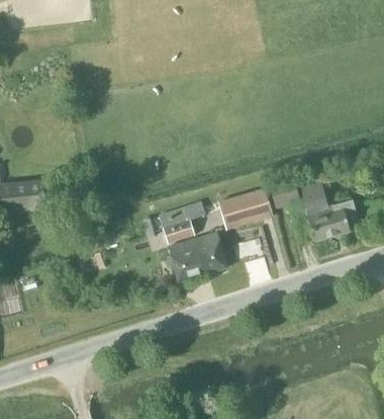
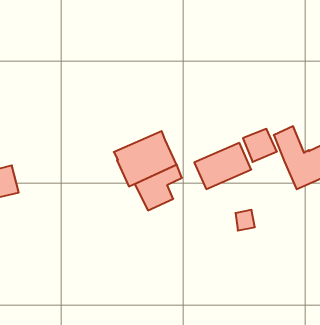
building: [169,232,228,281] -> [114,131,177,186]

